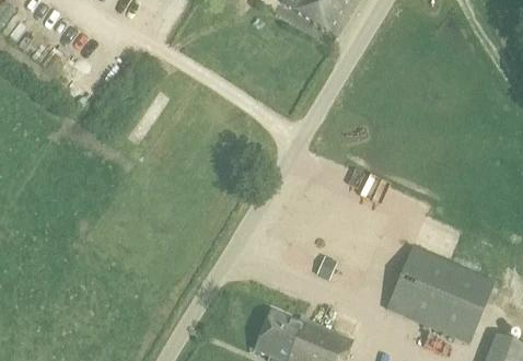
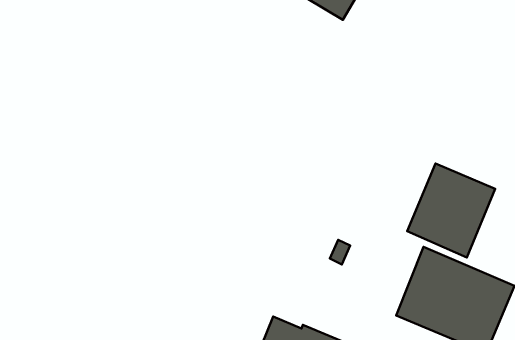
building: none -> [407,164,495,258]

